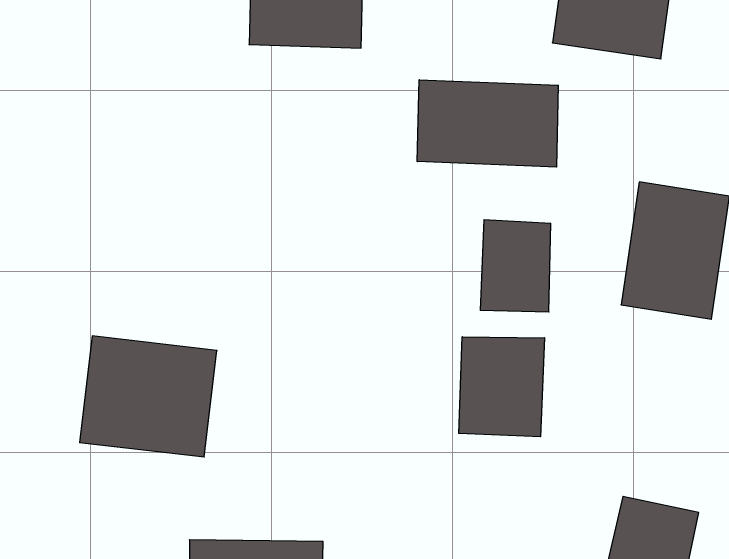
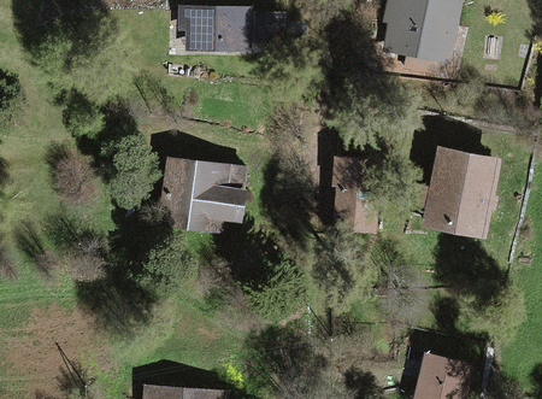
building: [417,80,558,167] -> none
building: [80,336,217,457] -> [155,154,247,235]
building: [459,337,545,437] -> none

